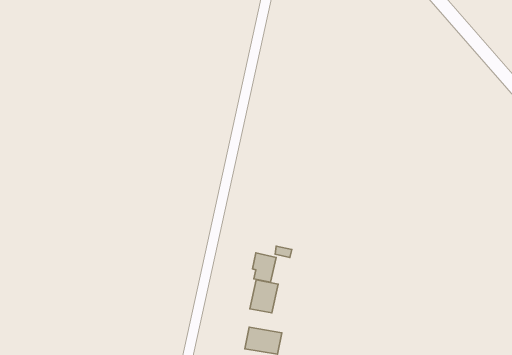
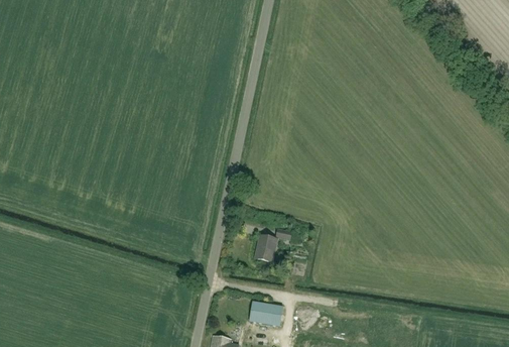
building: [250,280,278,313] -> none

